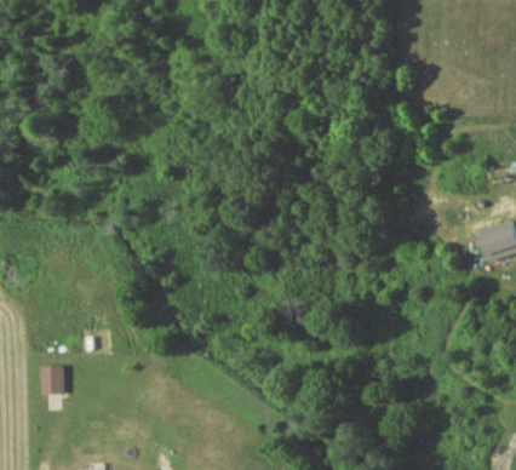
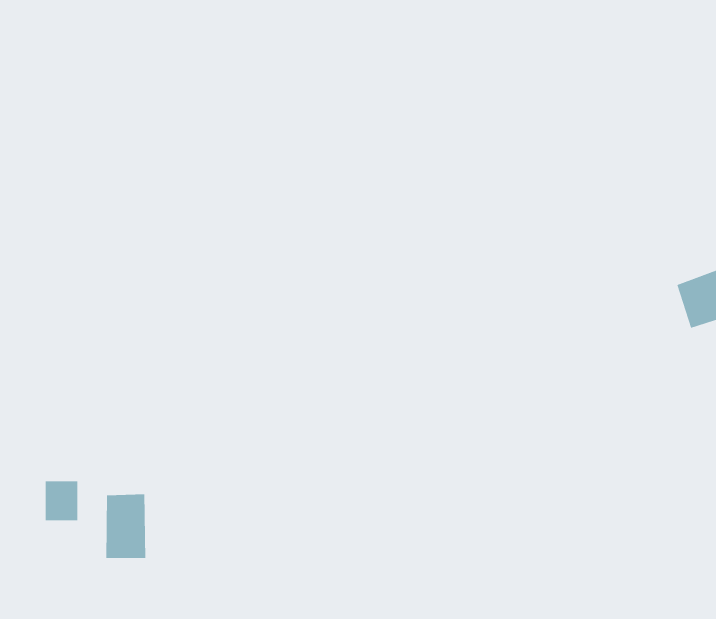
building: none -> [106,493,146,559]

